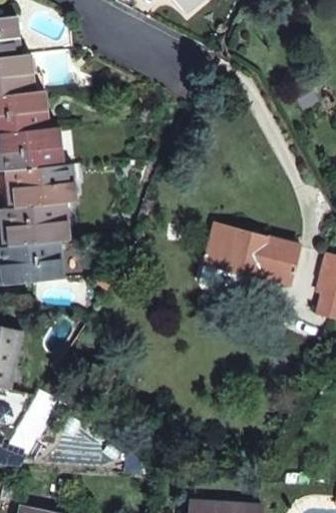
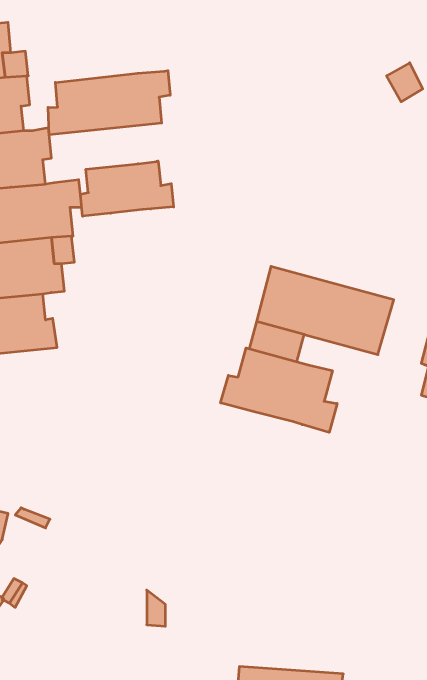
building: none -> [48,71,170,135]
building: none -> [80,161,174,216]
building: none -> [221,348,337,432]

